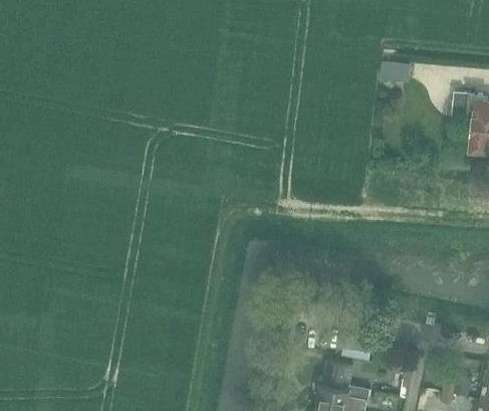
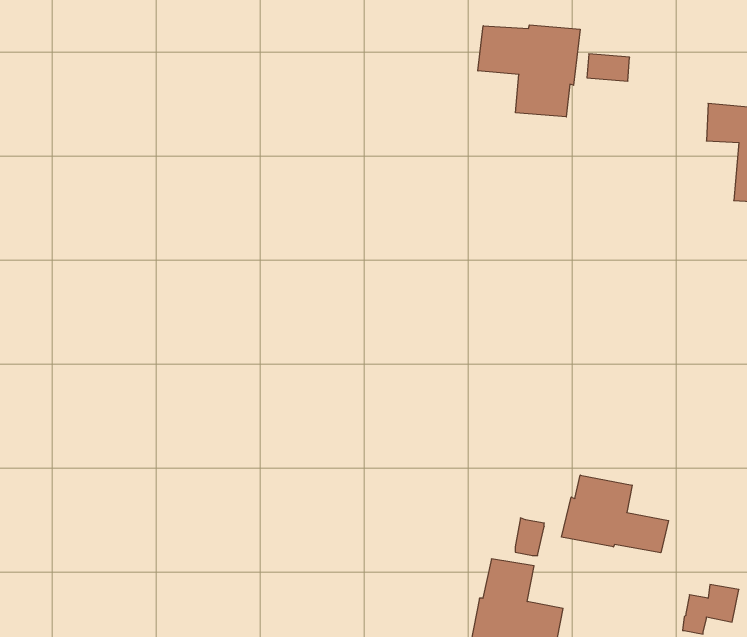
building: none -> [478,25,580,117]
building: none -> [562,475,669,553]

